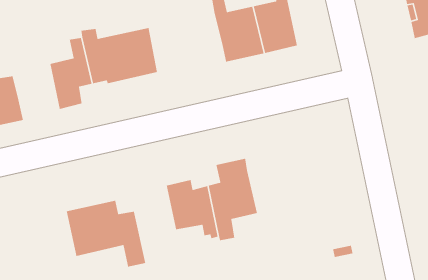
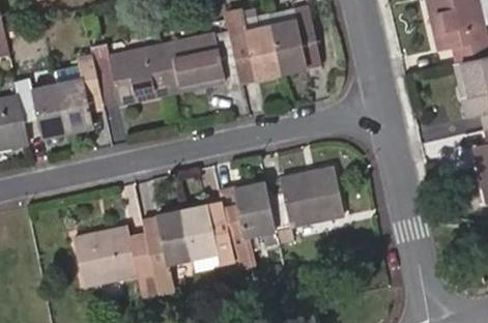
building: none -> [162,28,238,90]
building: none -> [15,79,66,135]
building: none -> [266,167,342,239]
building: none -> [146,209,190,292]

